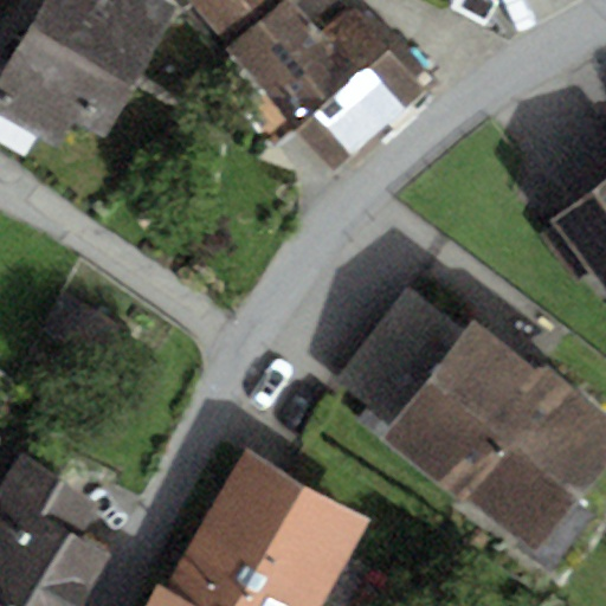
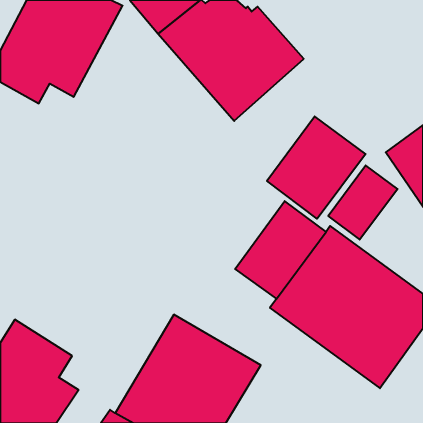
building: none -> [267,116,366,219]
building: none -> [328,165,398,240]

